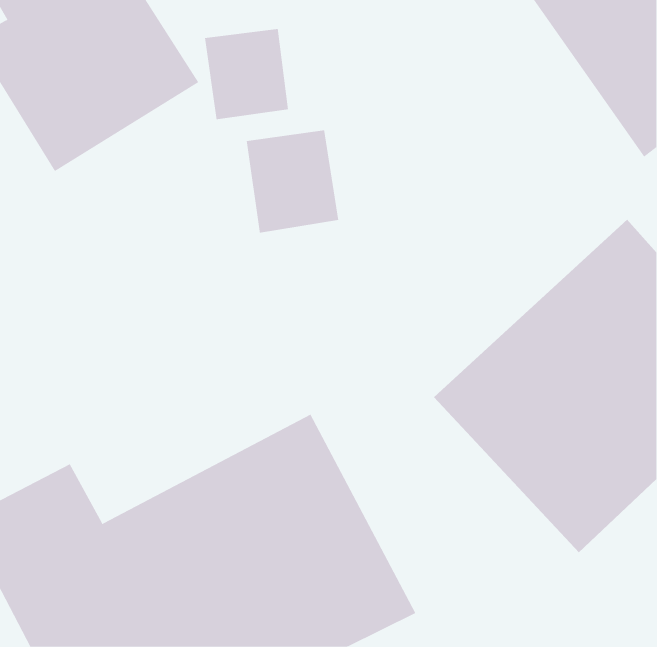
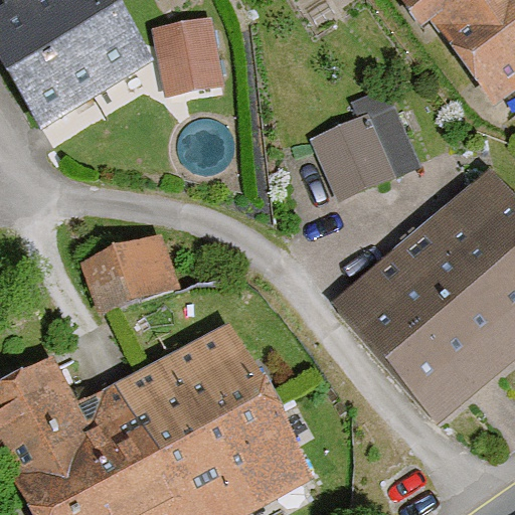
building: none -> [309,84,415,198]
building: [246,129,339,234] -> none
building: none -> [80,232,182,311]

